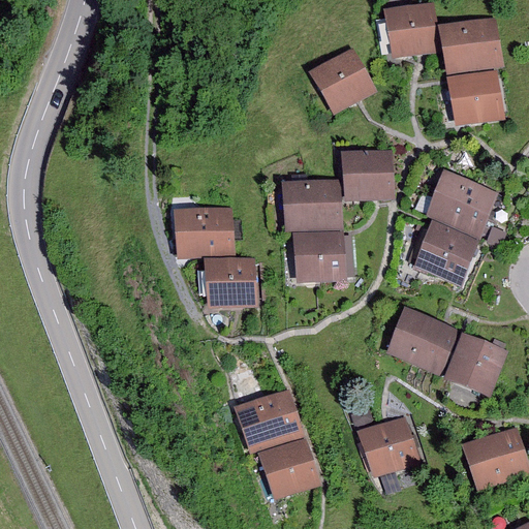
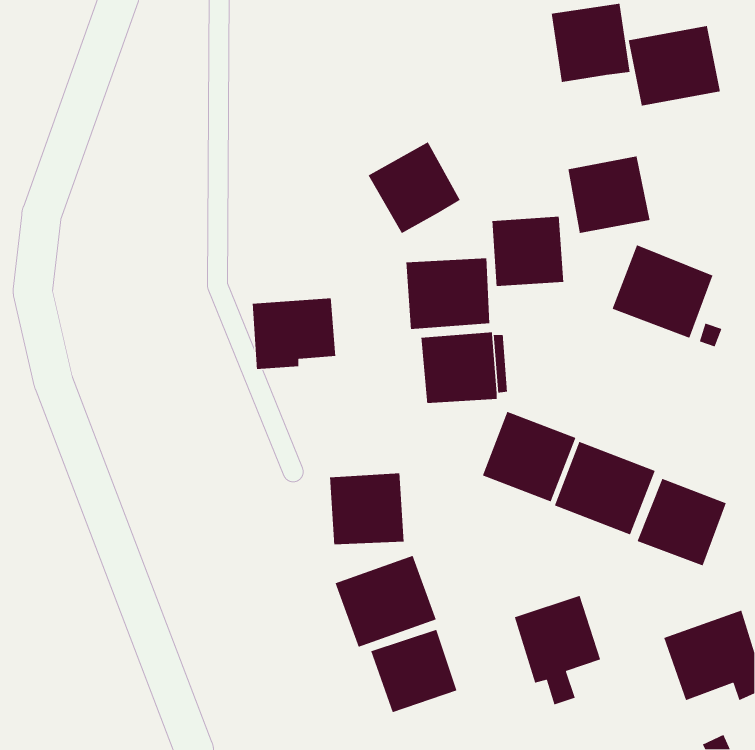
building: [310,49,375,114] -> [368,141,461,234]
building: [447,70,505,125] -> [567,155,650,234]
building: [413,221,479,285] -> [482,411,576,503]
building: [205,257,257,308] -> [329,473,405,545]

